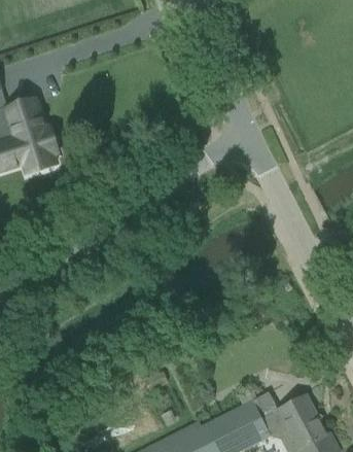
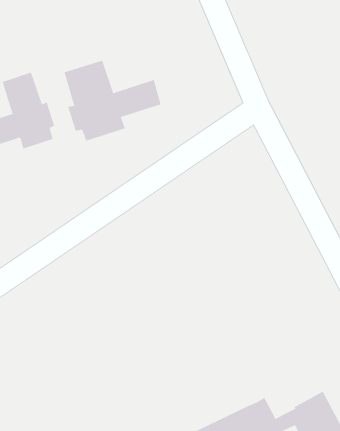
building: none -> [64,60,161,142]

